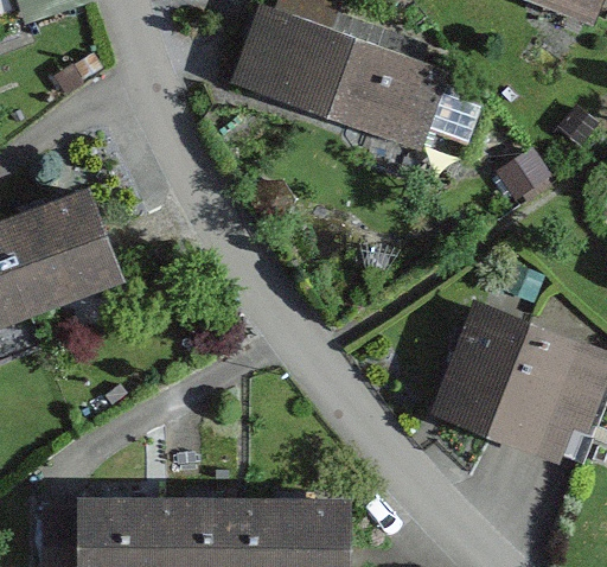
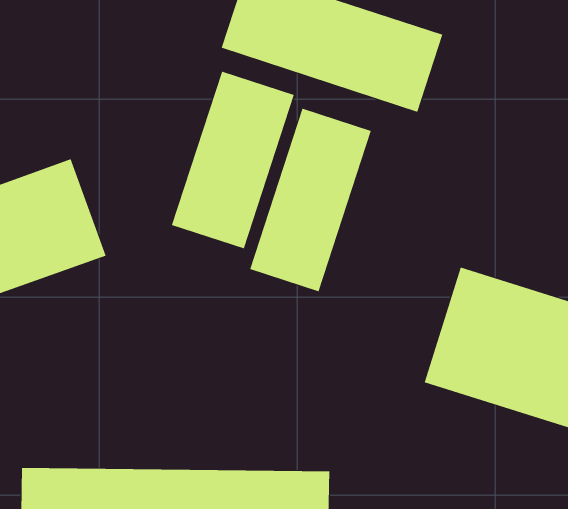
building: none -> [171,71,295,249]
building: none -> [249,108,372,292]

